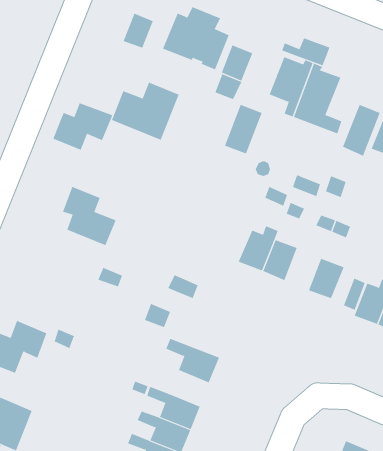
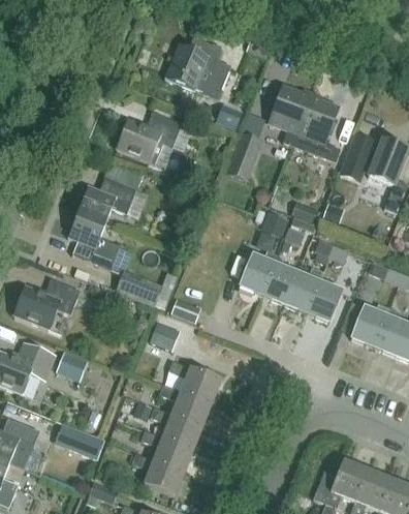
building: [123,13,153,49] -> none
building: [281,37,330,66] -> none
building: [221,44,253,82] -> none
building: [52,103,113,150] -> [77,177,136,223]
building: none -> [284,267,324,313]
building: none -> [116,270,163,306]
building: none -> [14,277,80,329]
building: none -> [158,384,211,426]
building: none -> [57,422,105,460]

